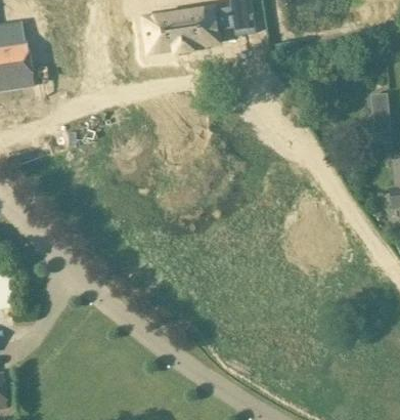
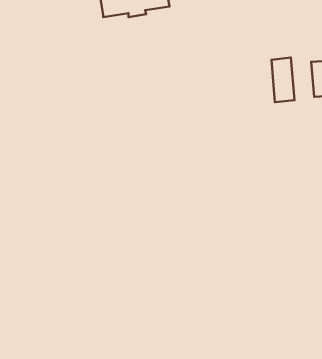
building: none -> [271,58,294,102]

